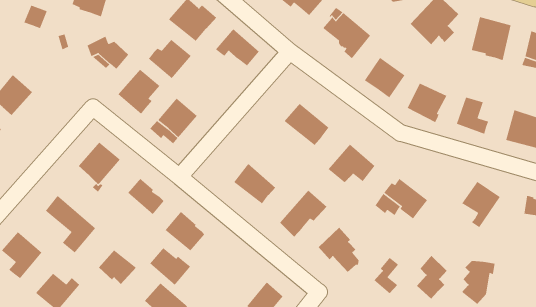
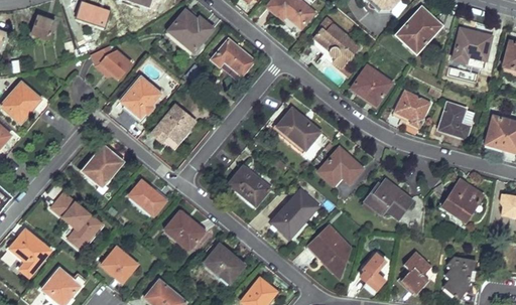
building: [148,39,192,79] -> none
building: [149,247,191,286] -> [205,246,244,282]

